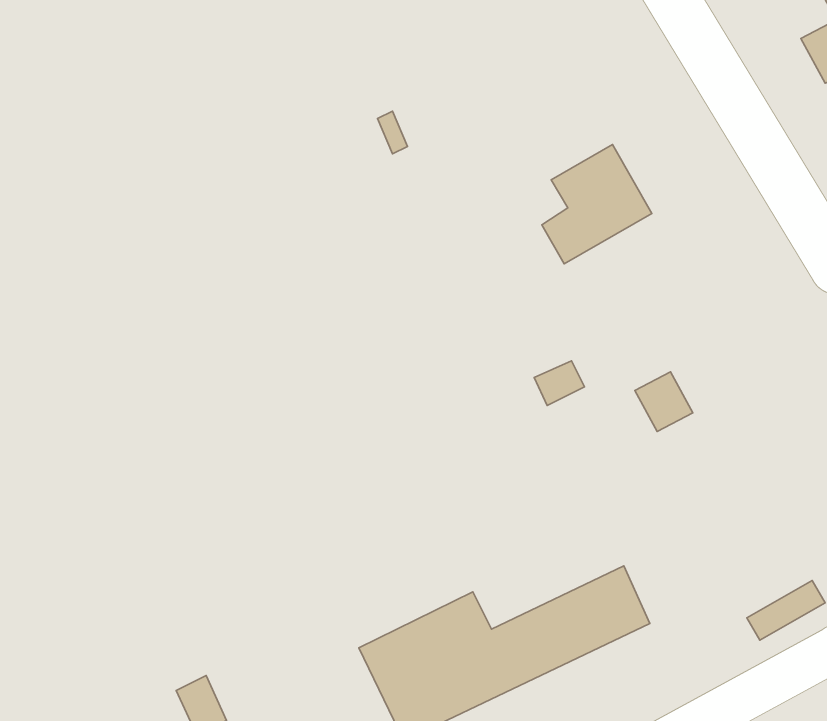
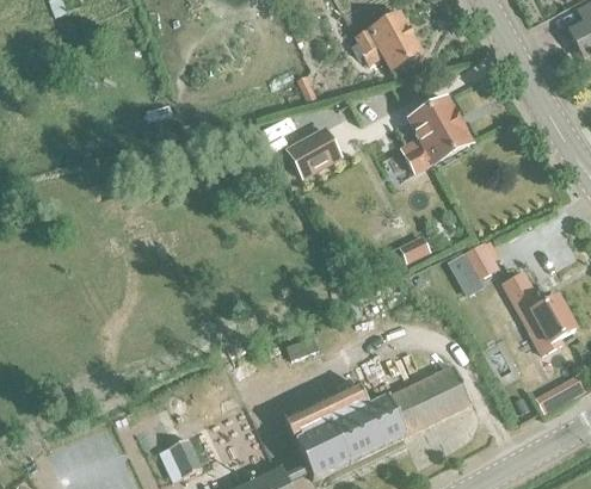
building: none -> [351,11,420,68]
building: none -> [285,126,343,179]
building: none -> [501,272,574,353]

